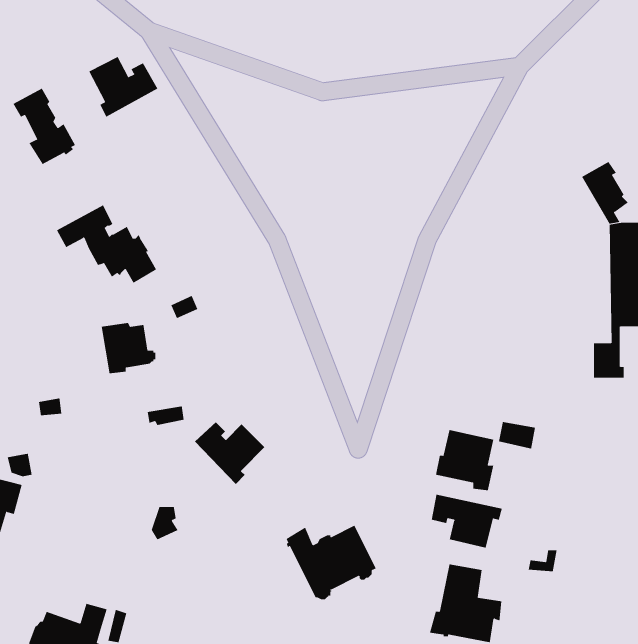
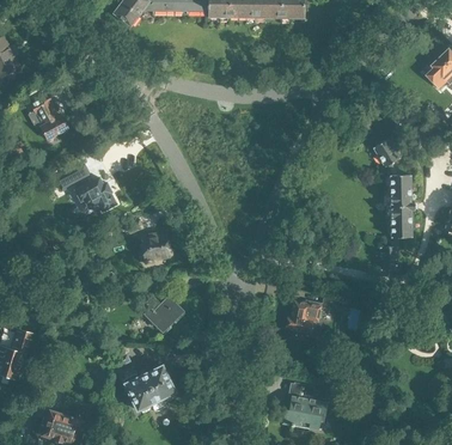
building: [89,56,158,117] -> none
building: [101,322,156,374] -> [139,232,172,263]
building: [431,494,502,549] -> none
building: [286,525,376,600] -> [120,366,175,412]

